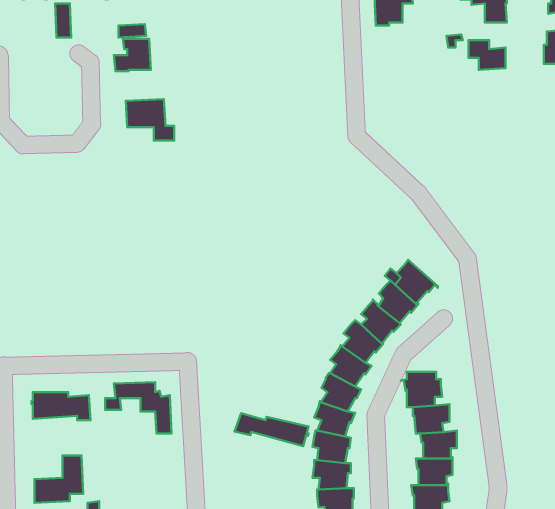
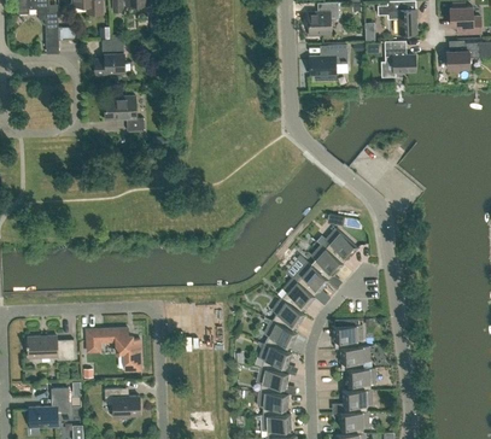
building: none -> [309,45,347,75]
building: [235,413,308,446] -> none
building: none -> [105,388,140,417]

